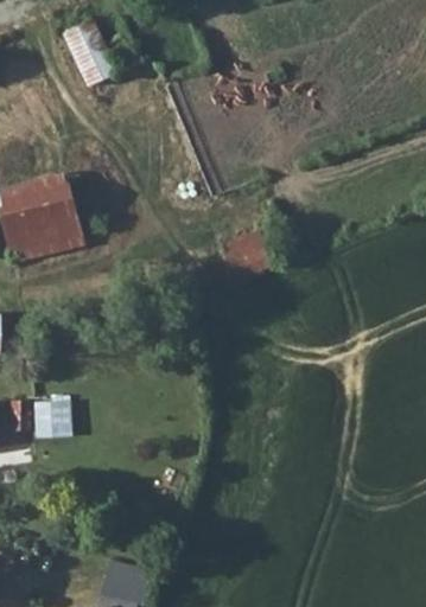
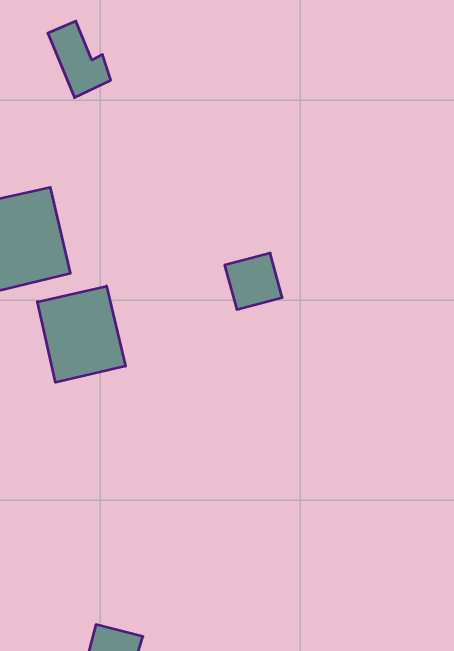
building: none -> [37,286,125,382]
building: [32,398,71,435] -> none

